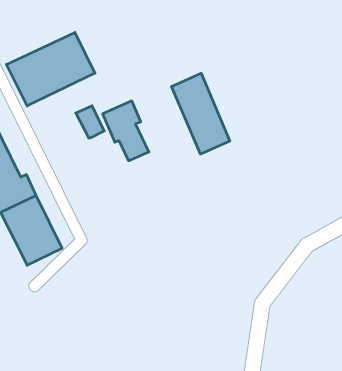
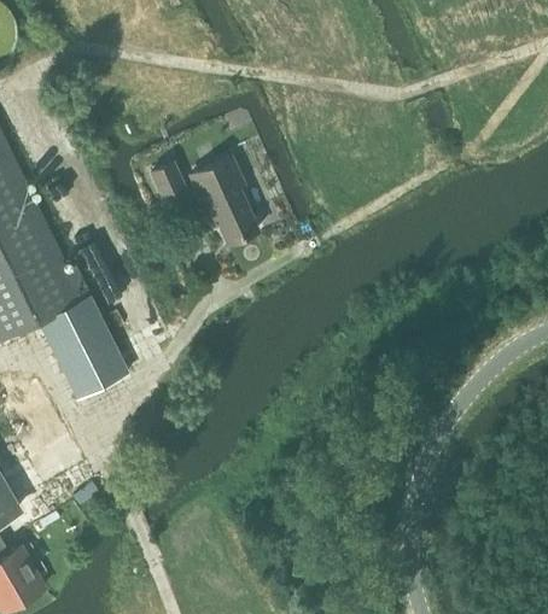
building: [6,32,95,106] -> none
building: [171,73,230,154] -> none

